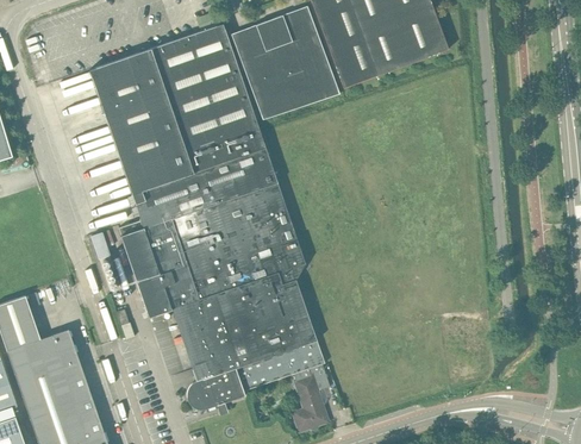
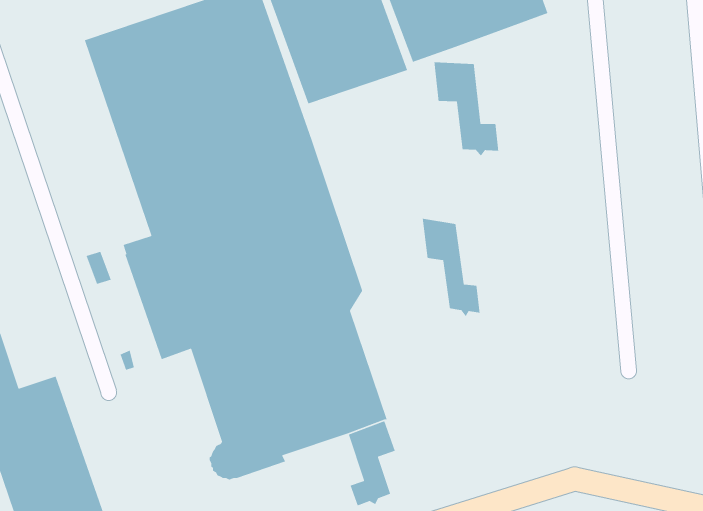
building: none -> [434,62,499,157]
building: none -> [422,218,481,317]

